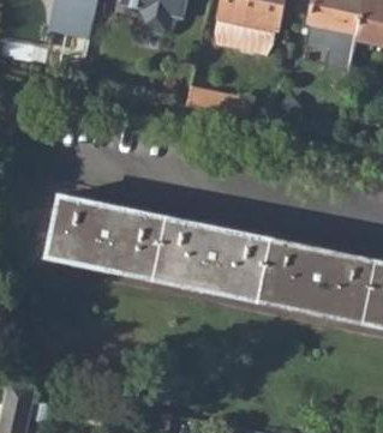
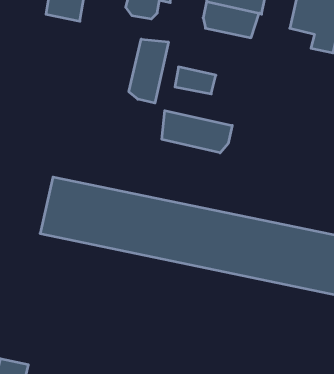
building: none -> [129,39,168,103]
building: none -> [162,111,232,153]

